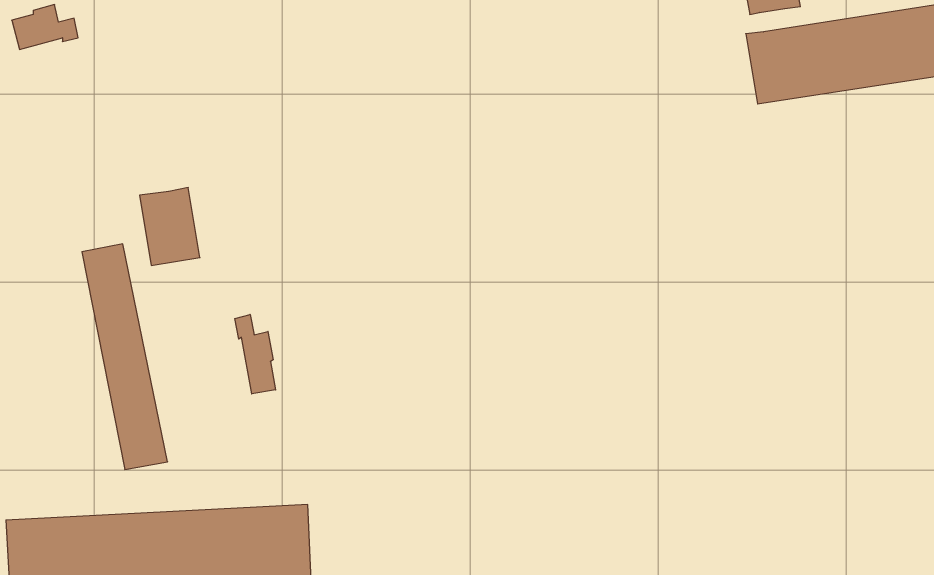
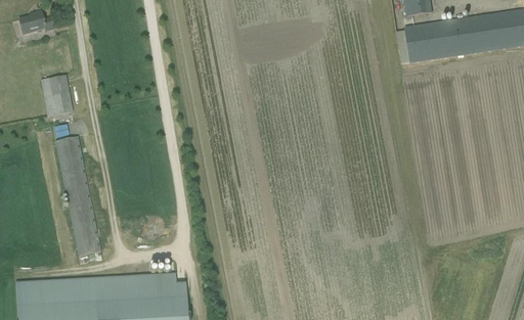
building: [140,188,200,265] -> [40,75,72,116]
building: [235,314,276,394] -> none

